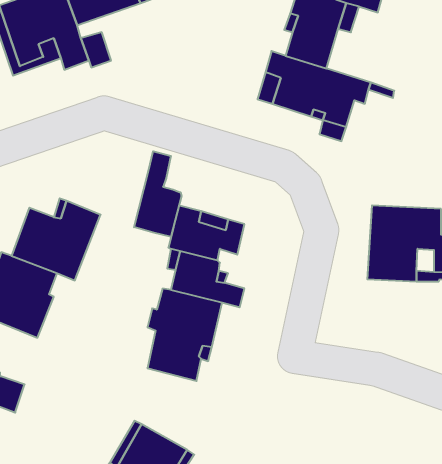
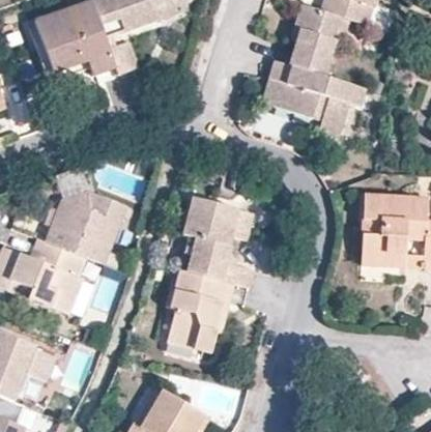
building: [134,151,181,237] -> none

